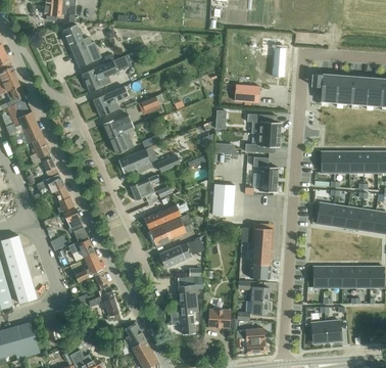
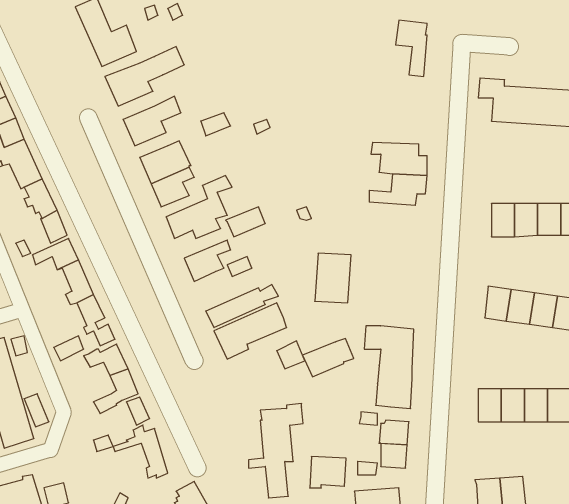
building: [234,84,260,103] -> none
building: [253,156,278,191] -> none
building: [159,244,191,268] -> [303,339,354,377]

